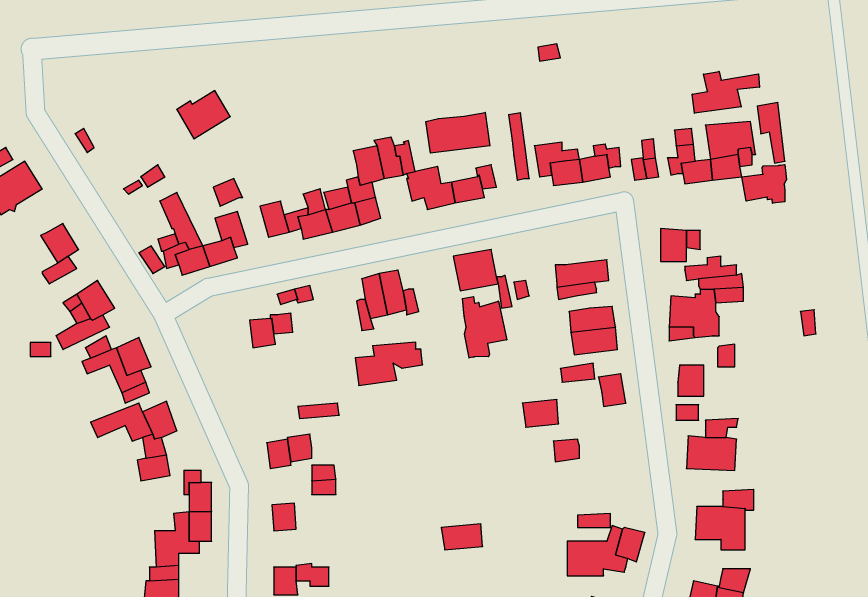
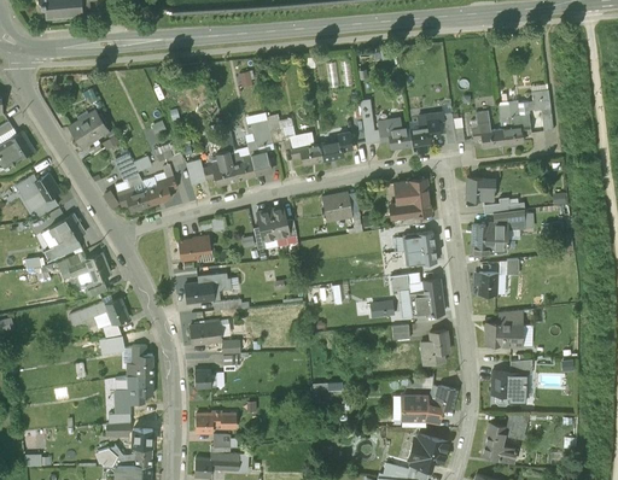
building: [692,71,759,113] -> none
building: [177,91,230,139] -> [70,113,107,147]
building: [426,112,490,153] -> none
building: [742,165,787,203] -> none
building: none -> [16,174,45,210]
building: none -> [397,178,428,203]
building: [462,297,507,358] -> none
building: [355,342,423,385] -> [185,273,232,303]
building: none -> [410,292,443,316]
building: none -> [421,330,448,364]

